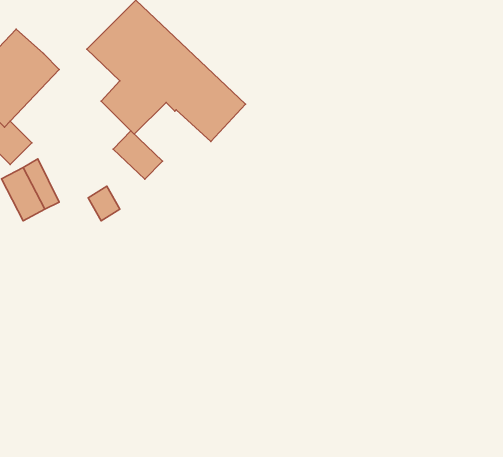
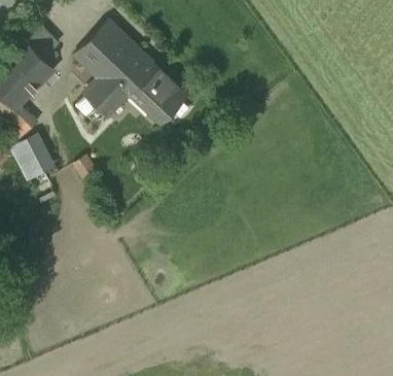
building: none -> [24,26,58,60]
building: [113,131,163,179] -> none

